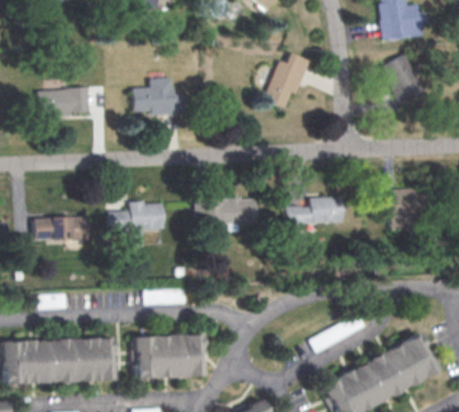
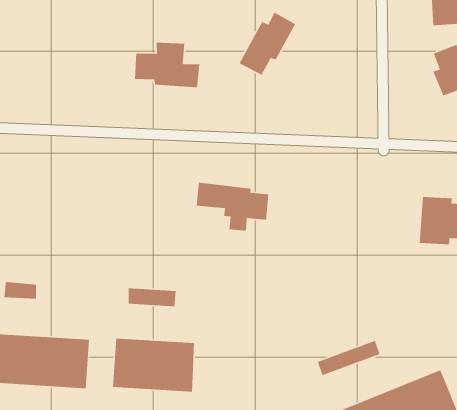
building: [262,53,308,109] -> [239,12,296,76]
building: [36,86,89,120] -> none
building: [284,197,342,223] -> none
building: [107,202,162,247] -> none
building: [32,214,88,243] -> none

